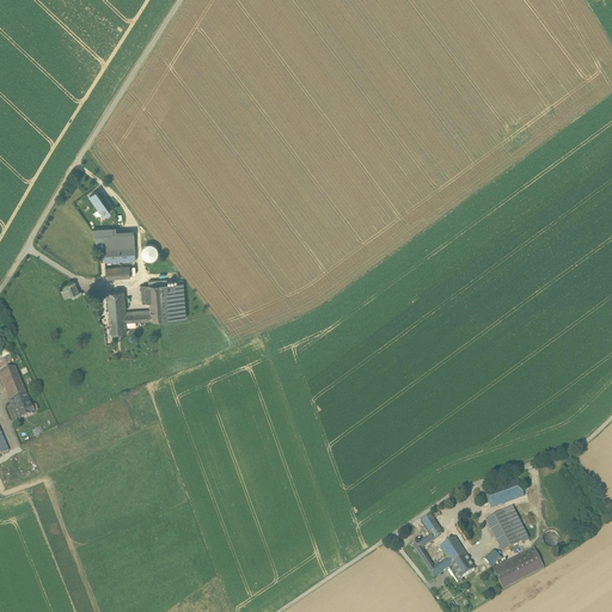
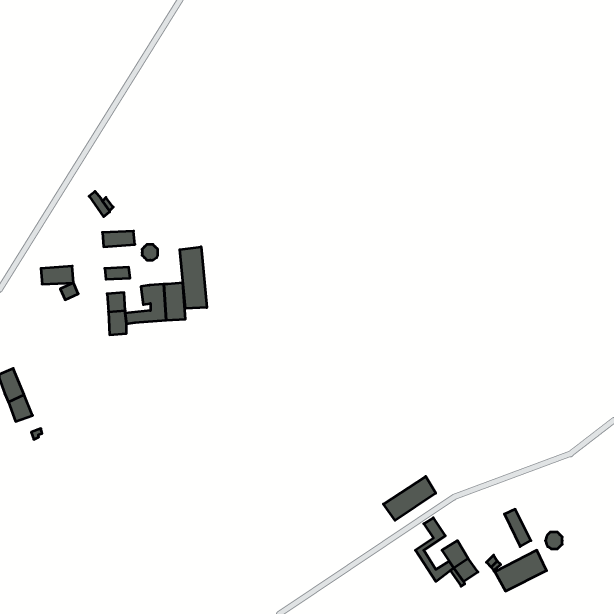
building: [103,243,135,261] -> [41,266,73,284]
building: none -> [180,247,207,308]
building: none -> [383,476,436,520]
building: [483,477,522,507] -> none
building: [484,510,516,551] -> none

